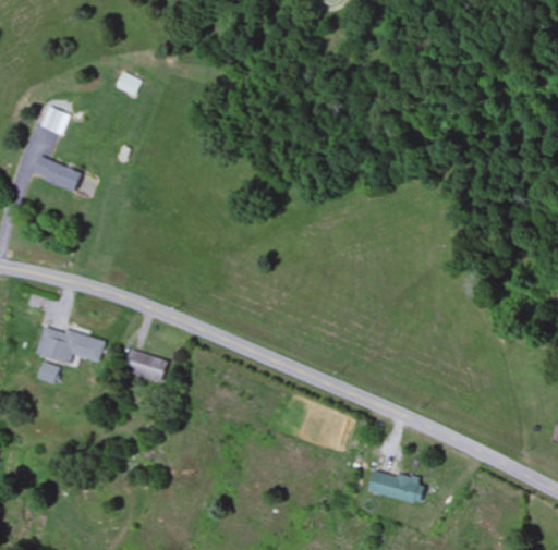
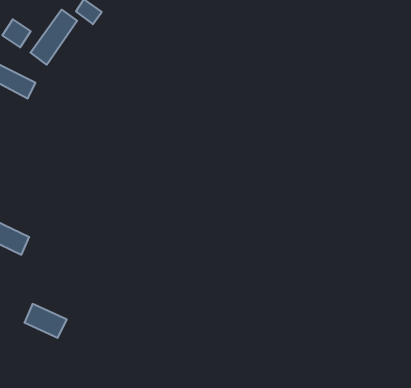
building: none -> [30,10,77,65]
building: [122,350,168,382] -> [24,304,67,338]

